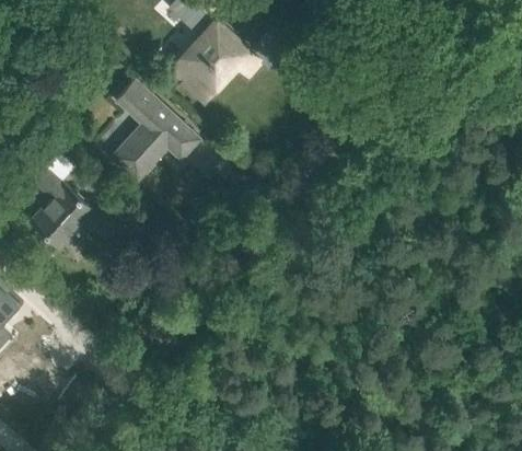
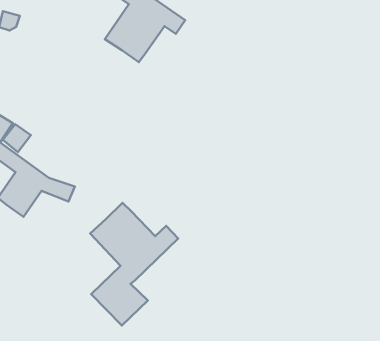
building: [109,79,199,182] -> none
building: none -> [90,203,178,326]

